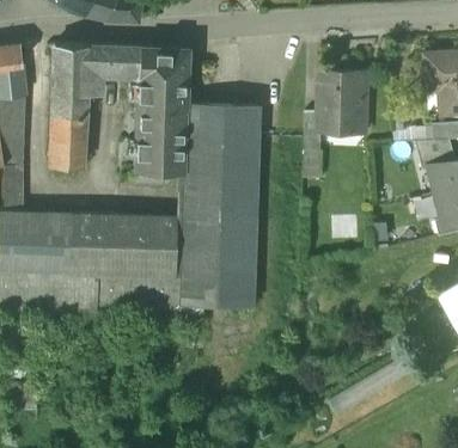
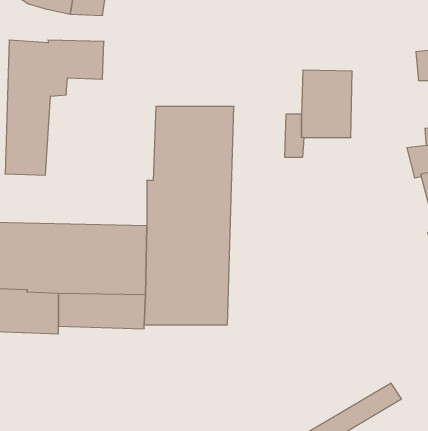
building: [135,45,191,173] -> none

